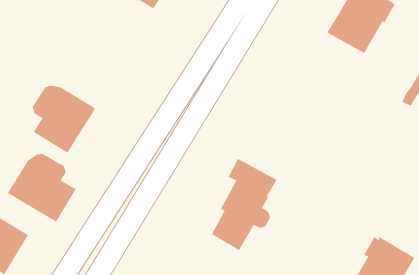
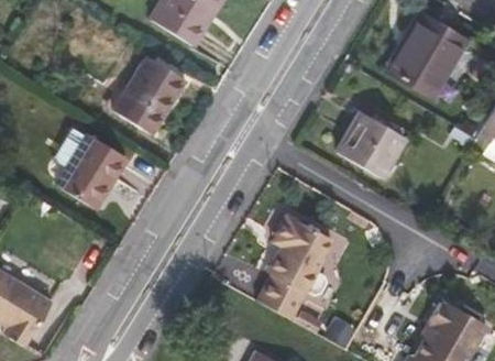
building: none -> [112,55,186,134]
building: none -> [336,111,405,178]
building: [7,153,77,222] -> none

